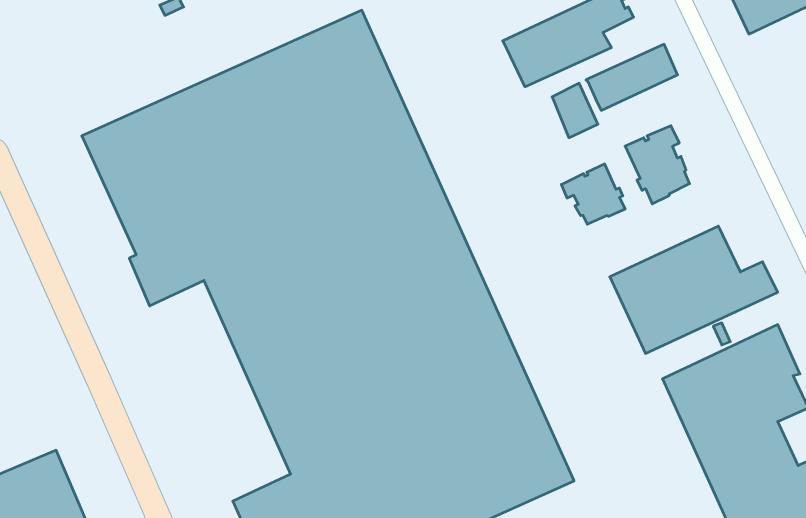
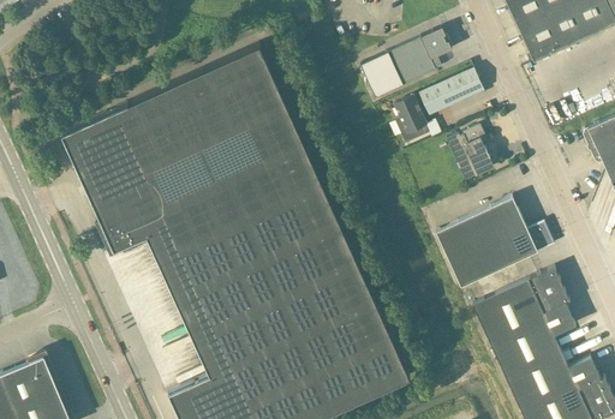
building: [561,164,625,224] -> none

